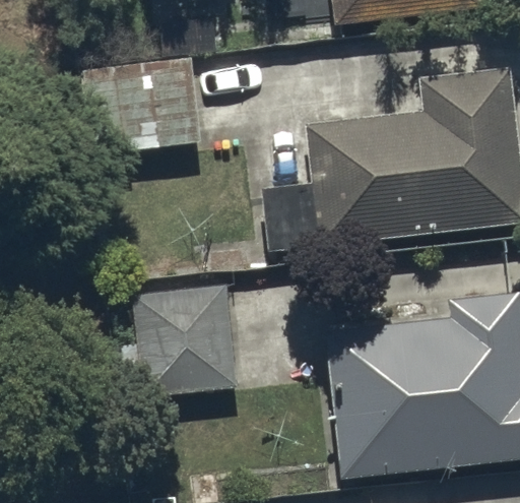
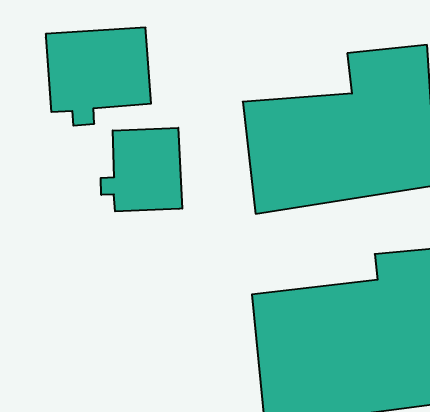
building: none -> [101,128,182,211]
building: [121,275,243,381] -> none

